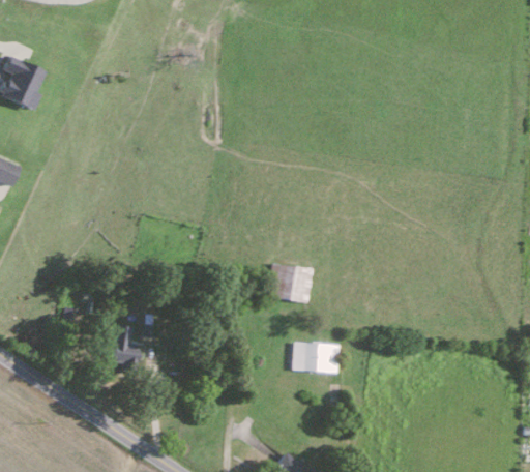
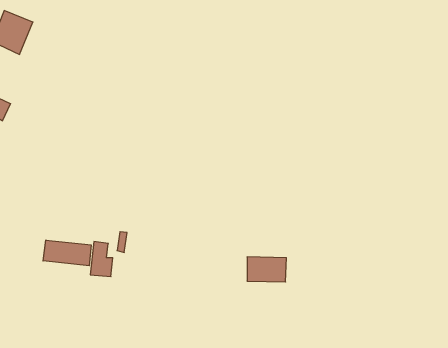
building: [268,264,312,302] -> none
building: none -> [43,240,91,266]

